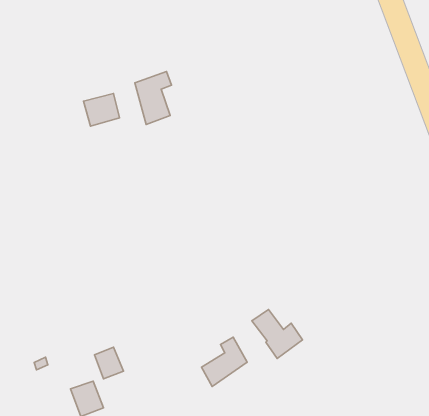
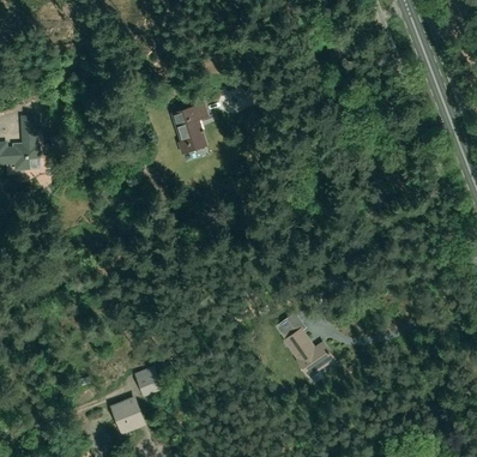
building: [84,93,119,126] -> none
building: [202,337,247,386] -> none

